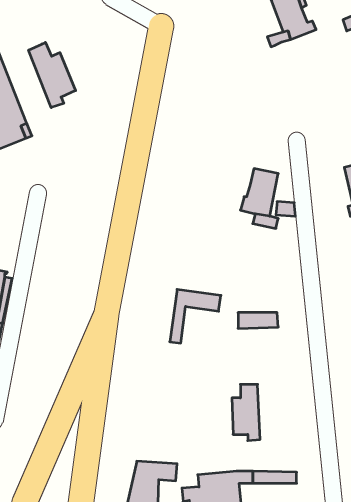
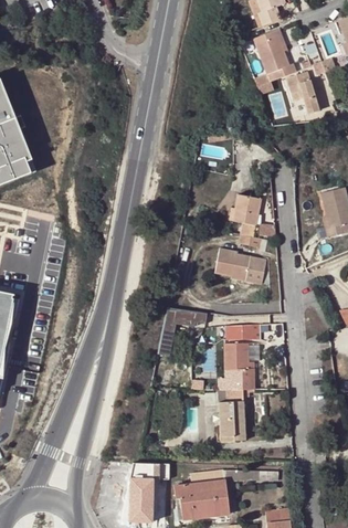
building: none -> [286,72,318,113]
building: [29,42,76,108] -> none
building: none -> [215,251,266,287]
building: none -> [219,346,254,392]

